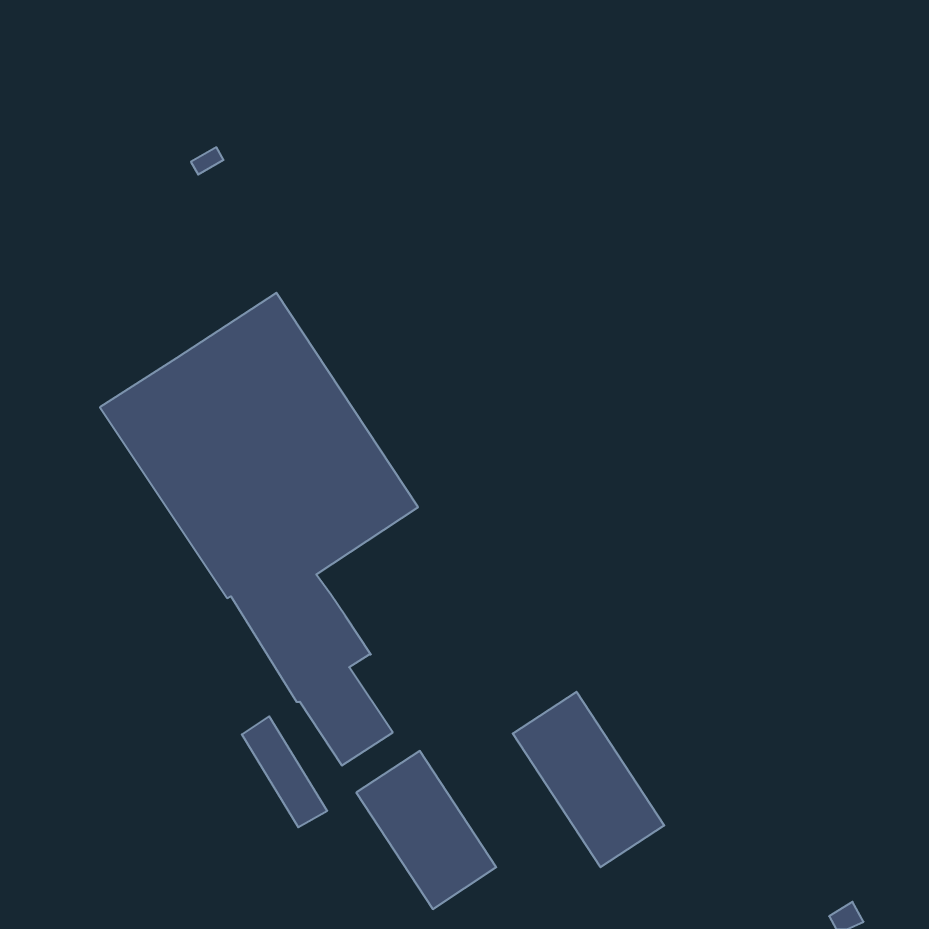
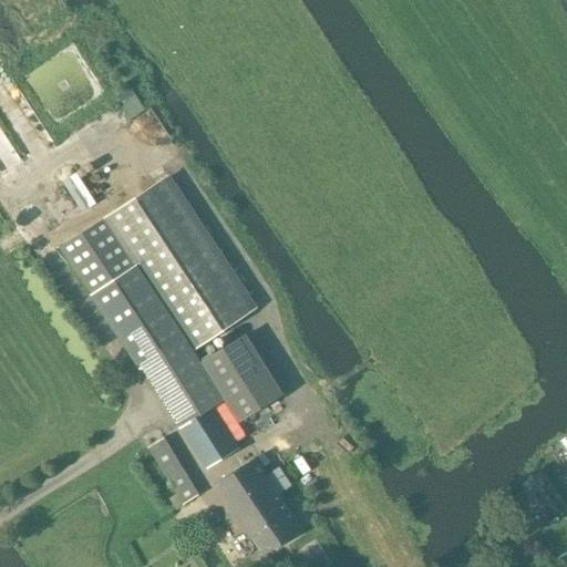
building: none -> [202,333,285,422]
building: [513,692,664,867] -> none

